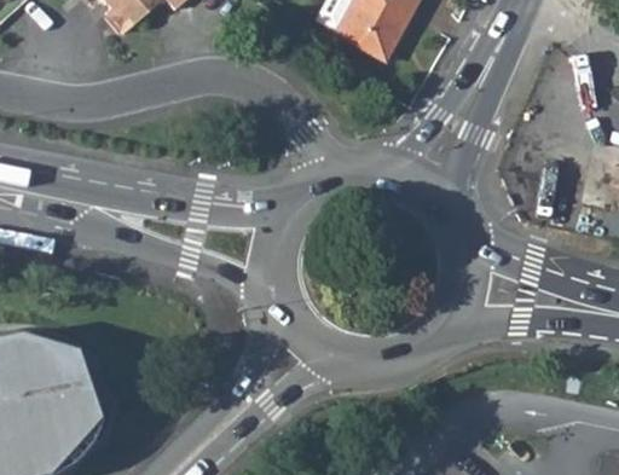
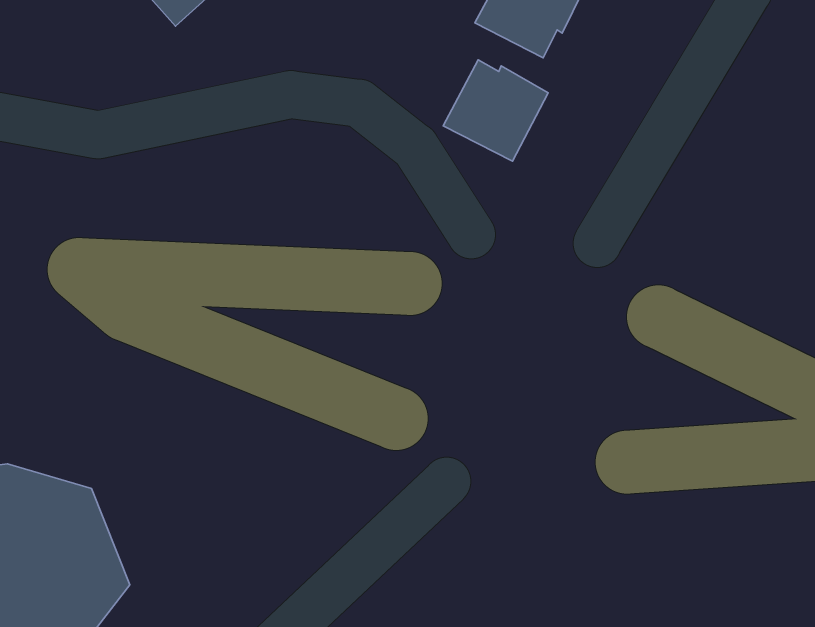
building: none -> [443,60,548,161]

